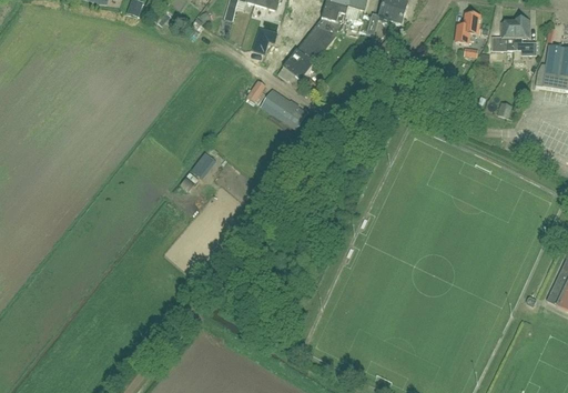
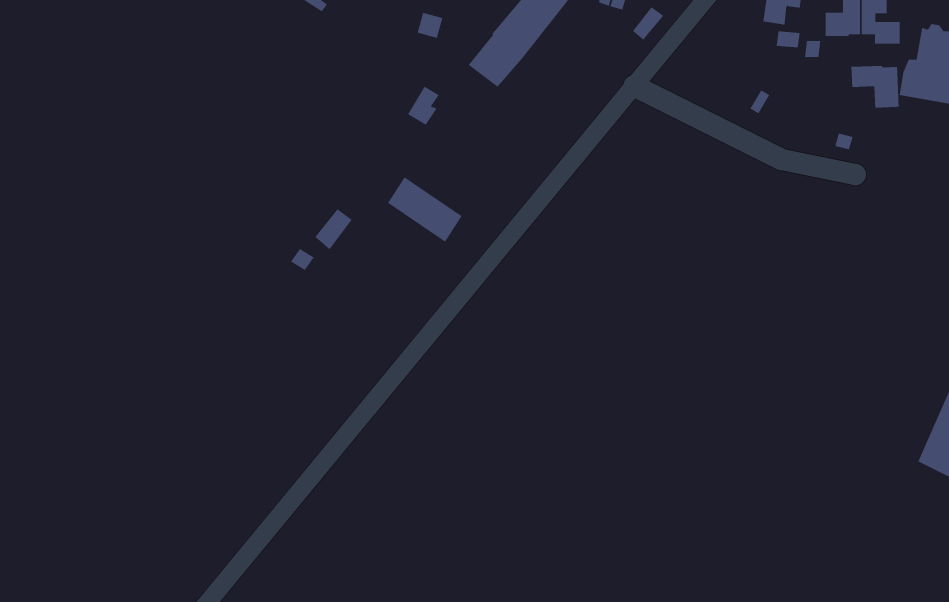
building: none -> [851,65,899,108]
building: [262,89,306,128] -> [387,177,463,243]

